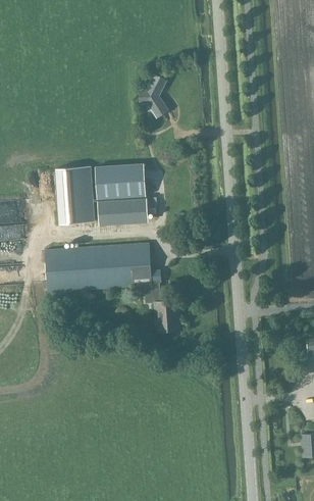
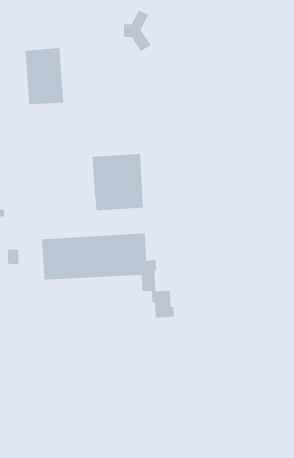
building: [139,74,167,117] -> [123,9,152,52]
building: [53,166,93,224] -> [24,47,64,105]

